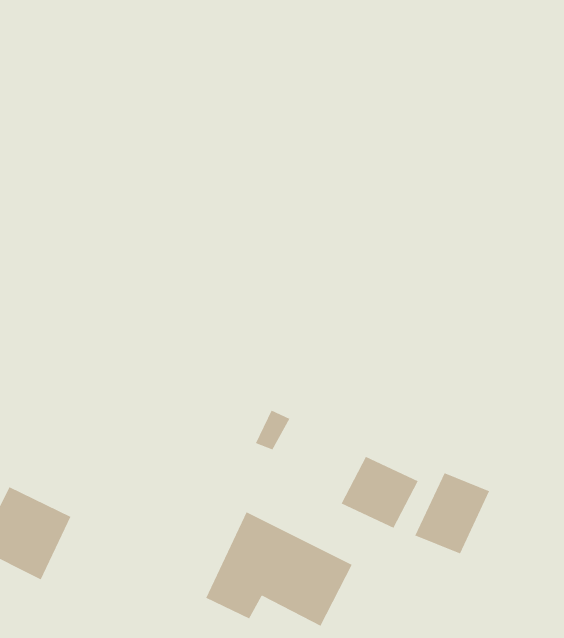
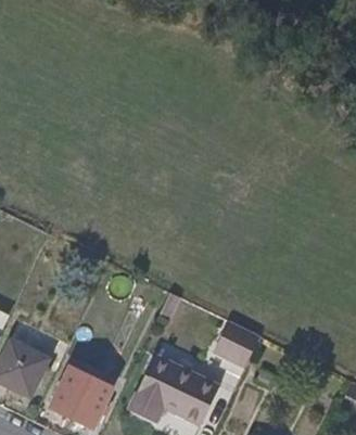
building: [414,472,490,554] -> none
building: none -> [51,368,111,426]

